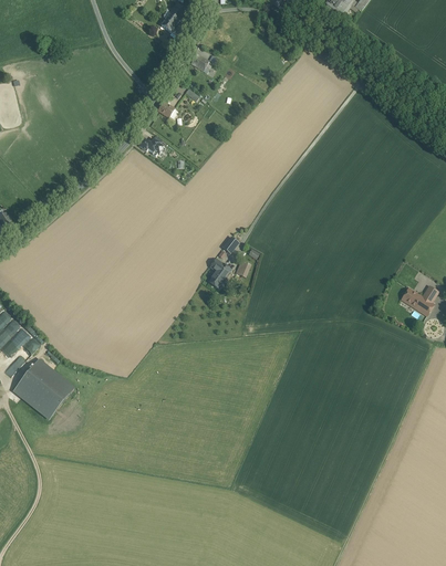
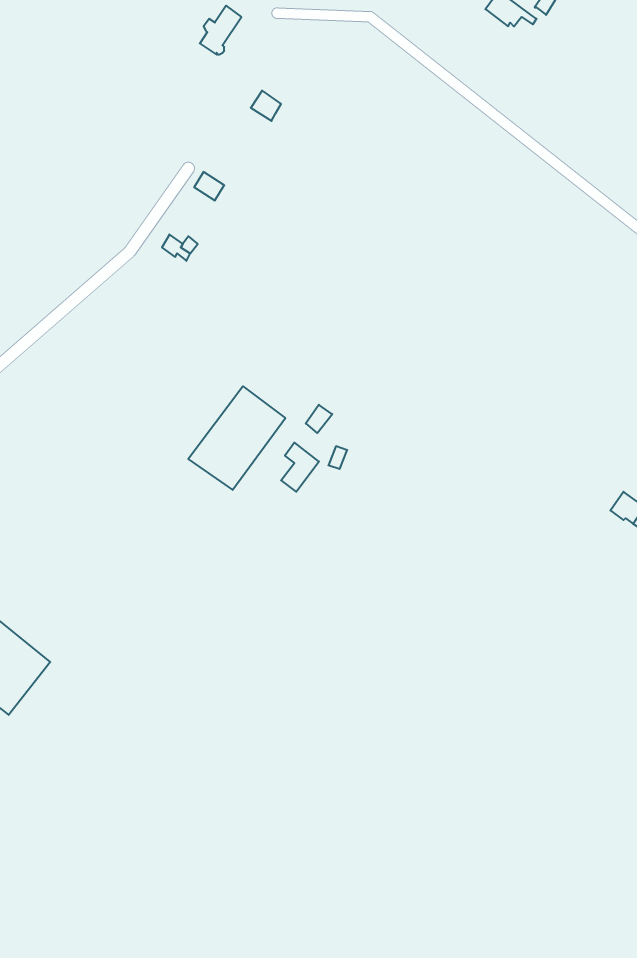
building: none -> [188,386,285,490]

